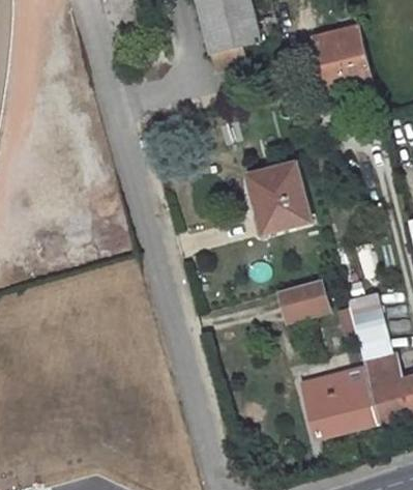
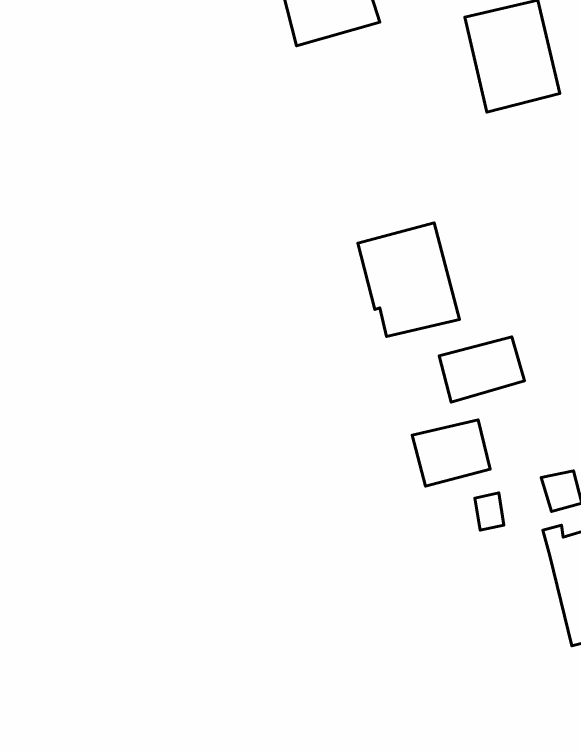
building: none -> [439,337,525,402]
building: [300,365,378,435] -> none

